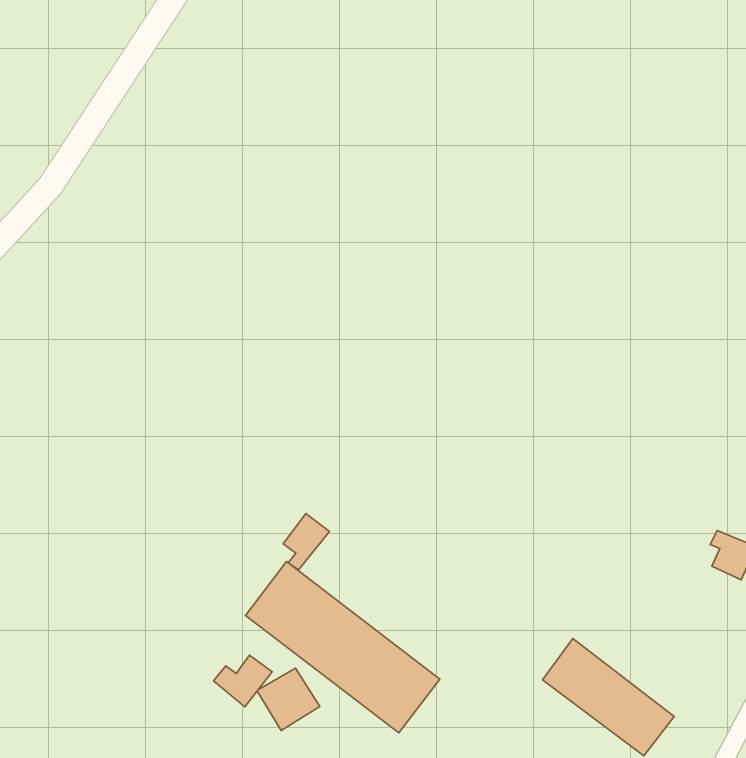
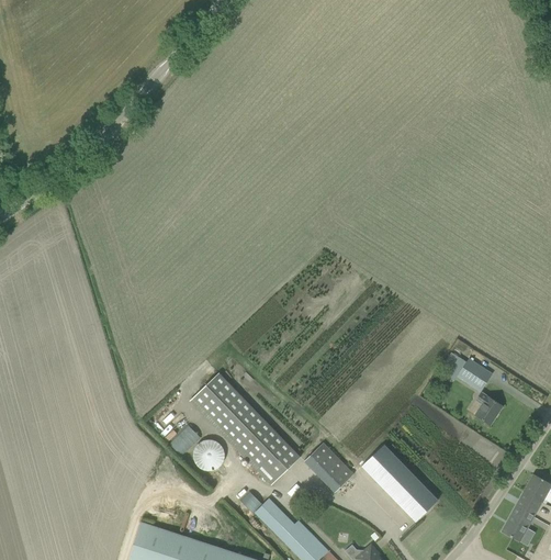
building: none -> [446,352,494,392]
building: [283,513,329,570] -> none
building: none -> [304,443,355,493]

